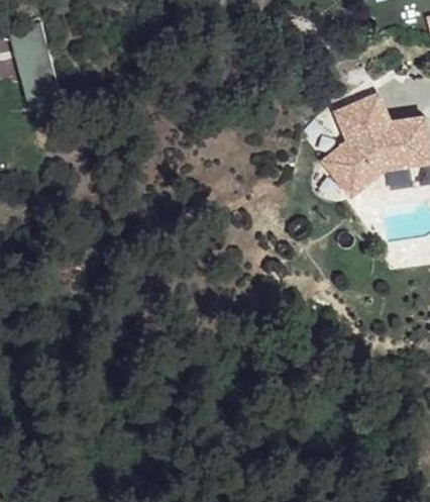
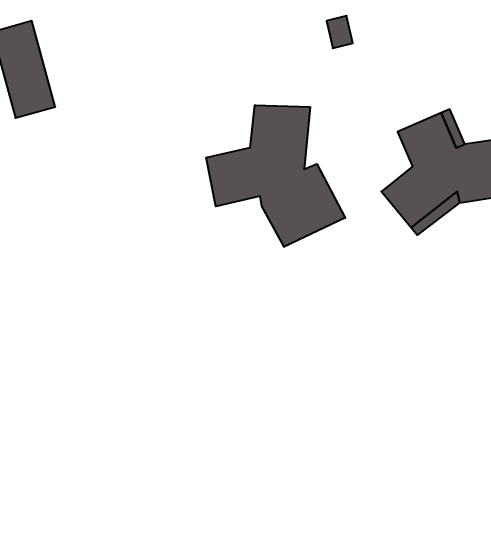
building: none -> [206,105,345,247]

